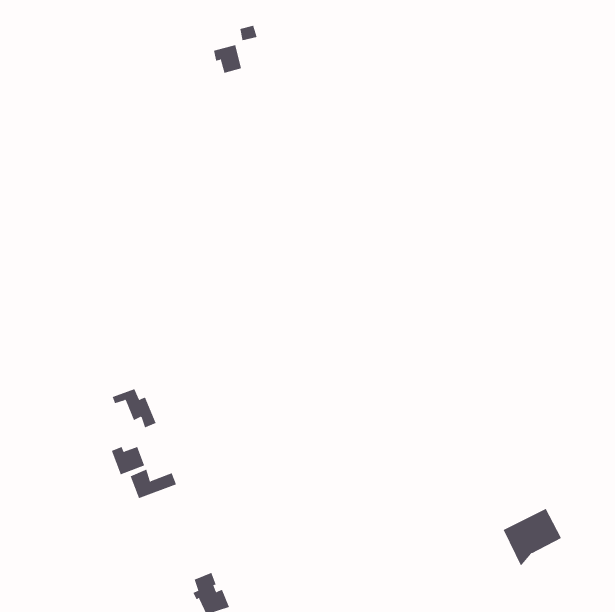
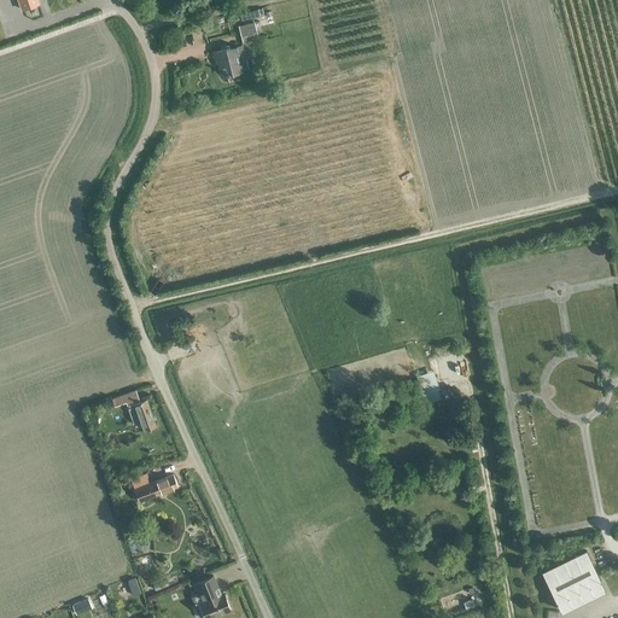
building: [111,446,145,475] -> none
building: [503,508,562,567] -> [542,553,601,612]

